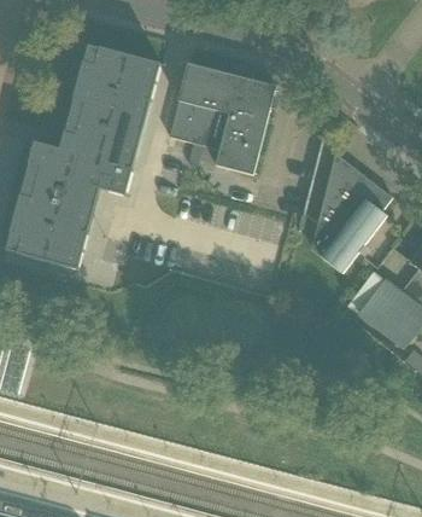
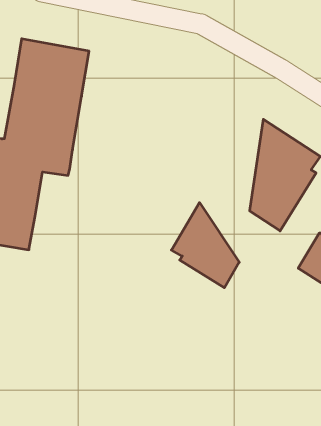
building: [170,62,275,174] -> none
building: none -> [171,203,239,288]

